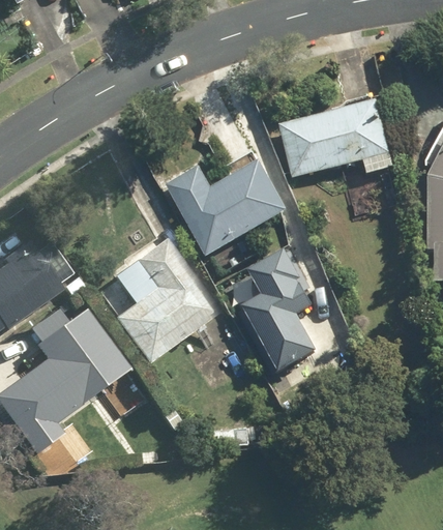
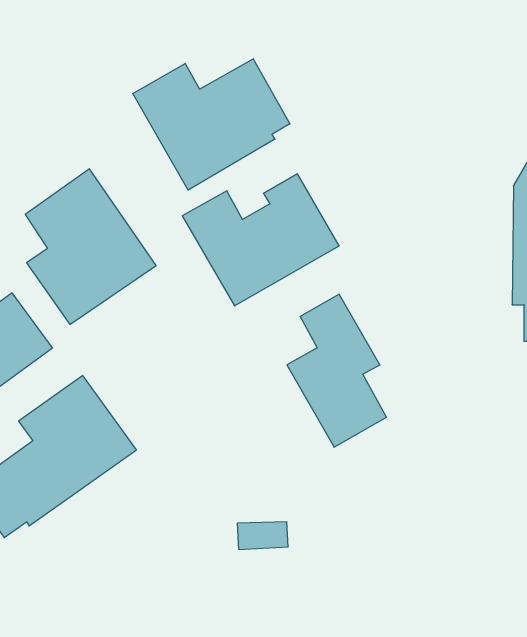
building: none -> [133,59,290,190]
building: [279,99,394,178] -> none
building: [114,238,217,361] -> [25,169,156,324]

